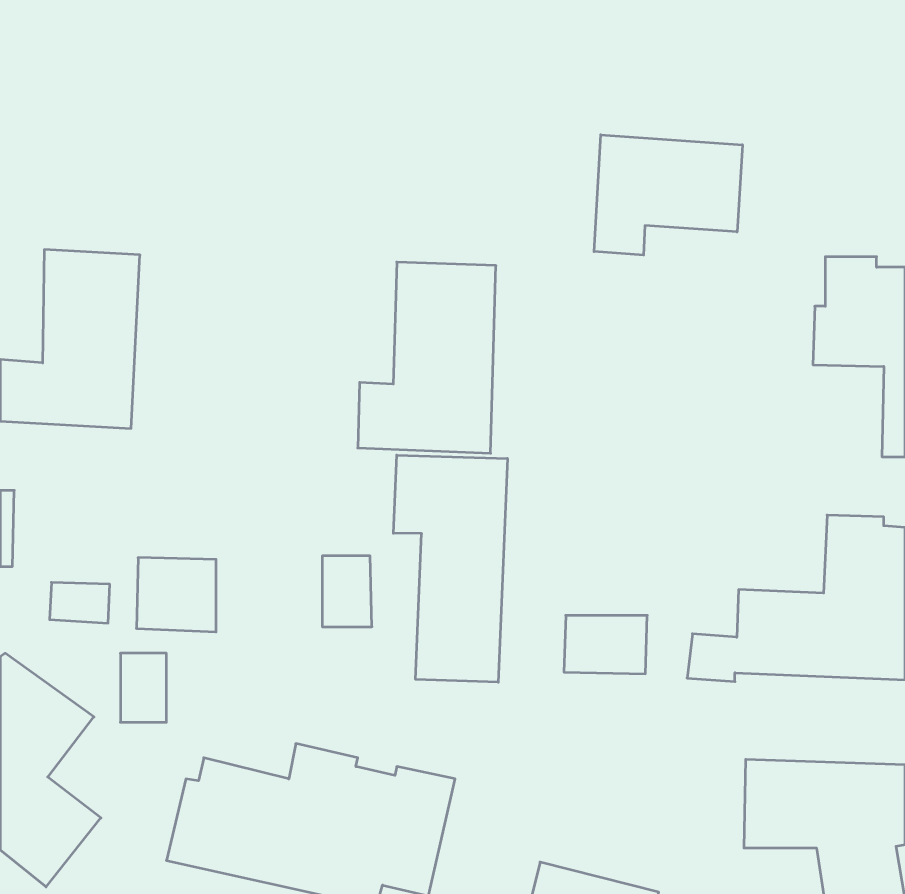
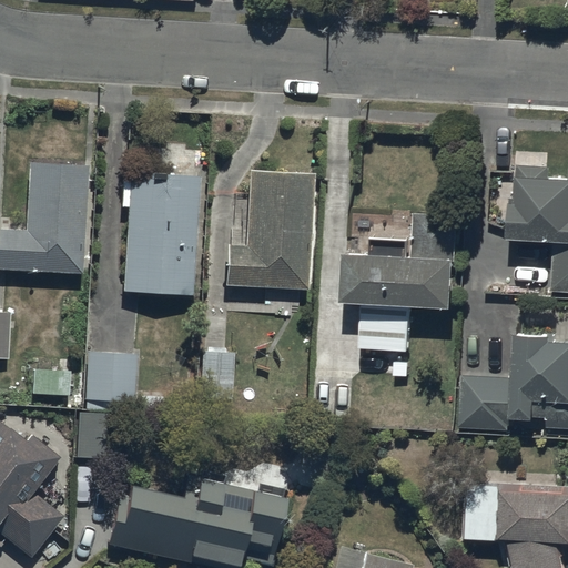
building: [594,135,742,255] -> none
building: none -> [123,174,197,296]
building: none -> [344,212,458,302]
building: [393,455,507,682] -> none
building: [564,615,647,674] -> [359,314,412,351]

